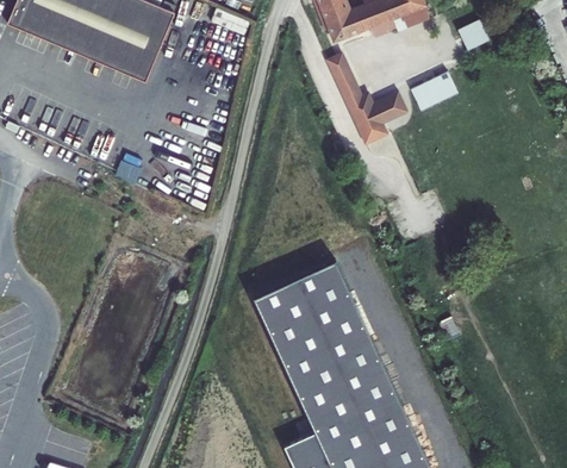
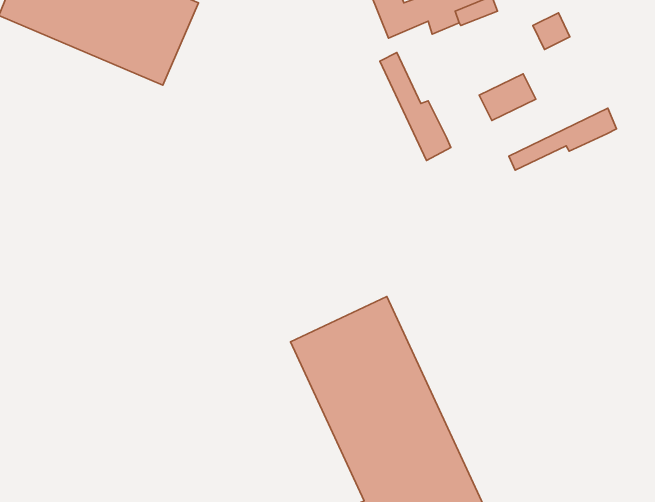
building: [372,92,407,125] -> none
building: none -> [509,108,616,170]

